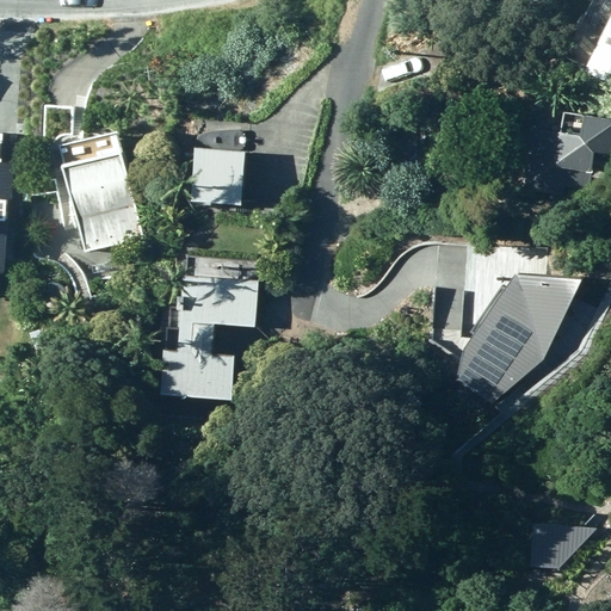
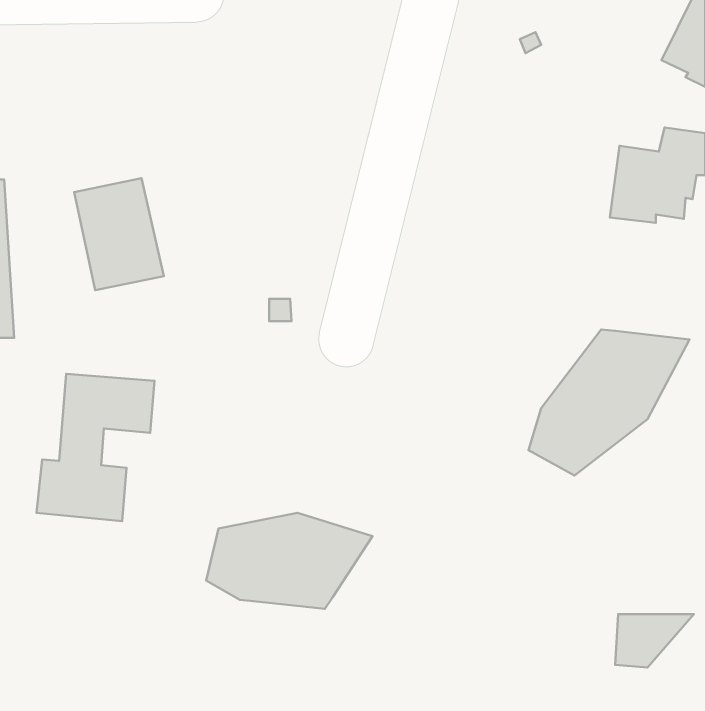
building: [190,146,245,202] -> none
building: [156,273,257,399] -> [37,374,154,521]
building: none -> [206,513,373,609]

